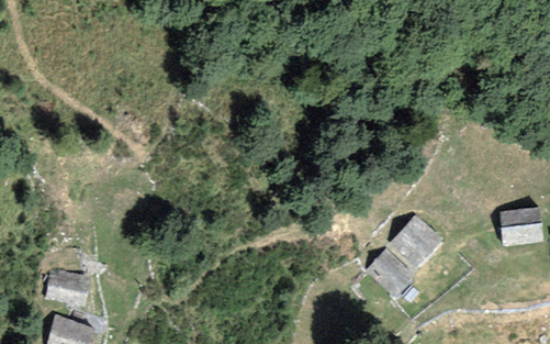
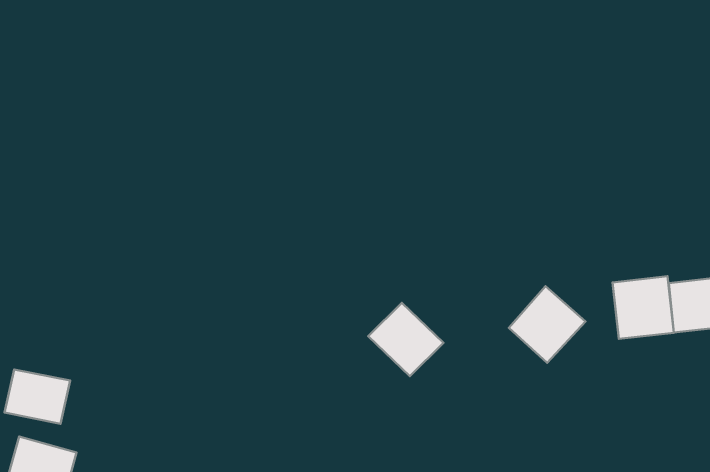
building: none -> [613,276,674,339]
building: [363,245,415,296] -> [368,303,443,376]

